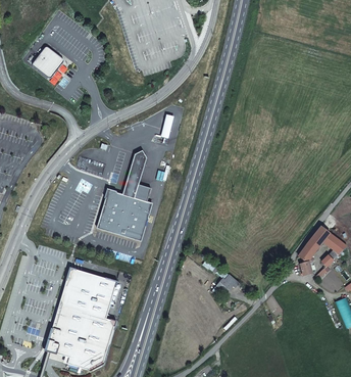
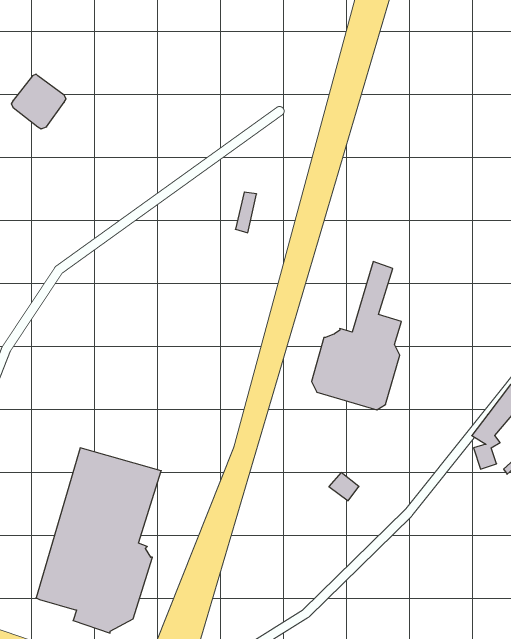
building: [99,153,151,239] -> [312,262,401,410]

